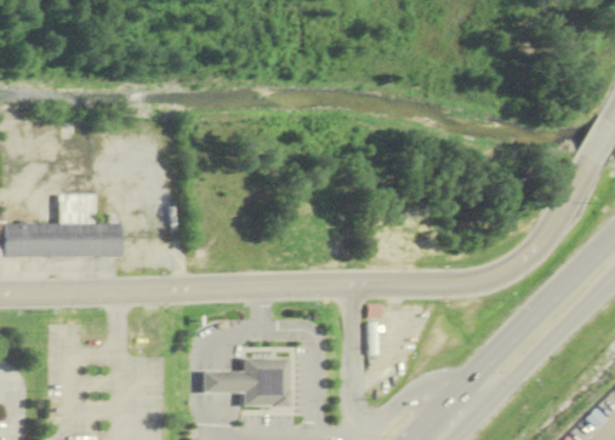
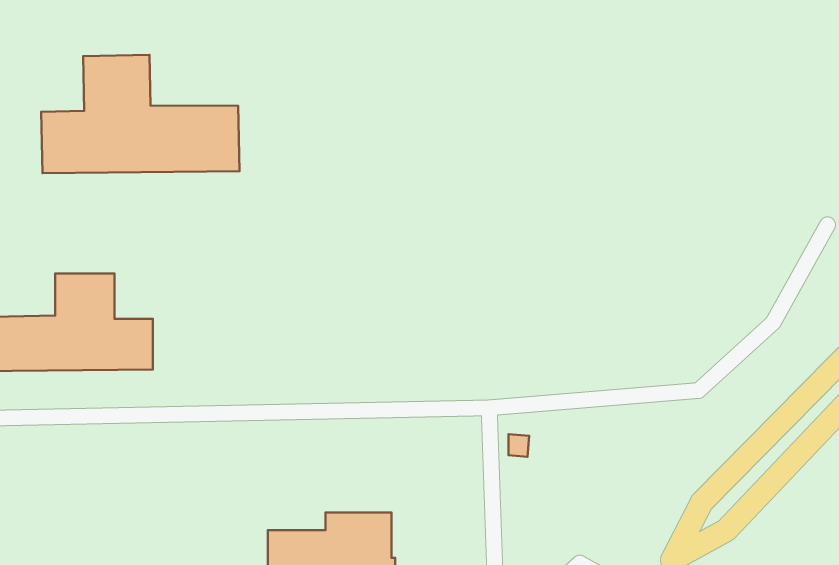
building: none -> [41,55,239,173]

